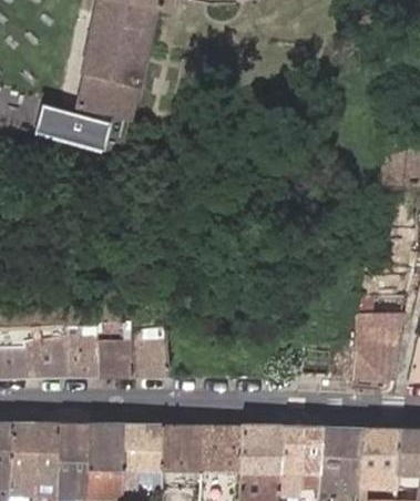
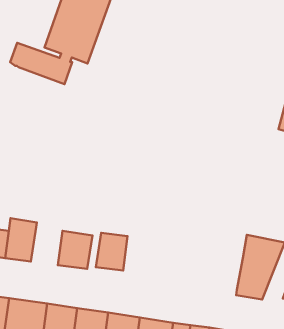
building: [98,335,131,377] -> [96,233,128,271]

